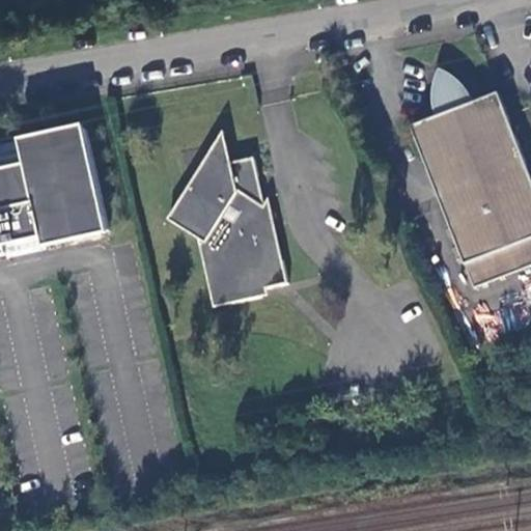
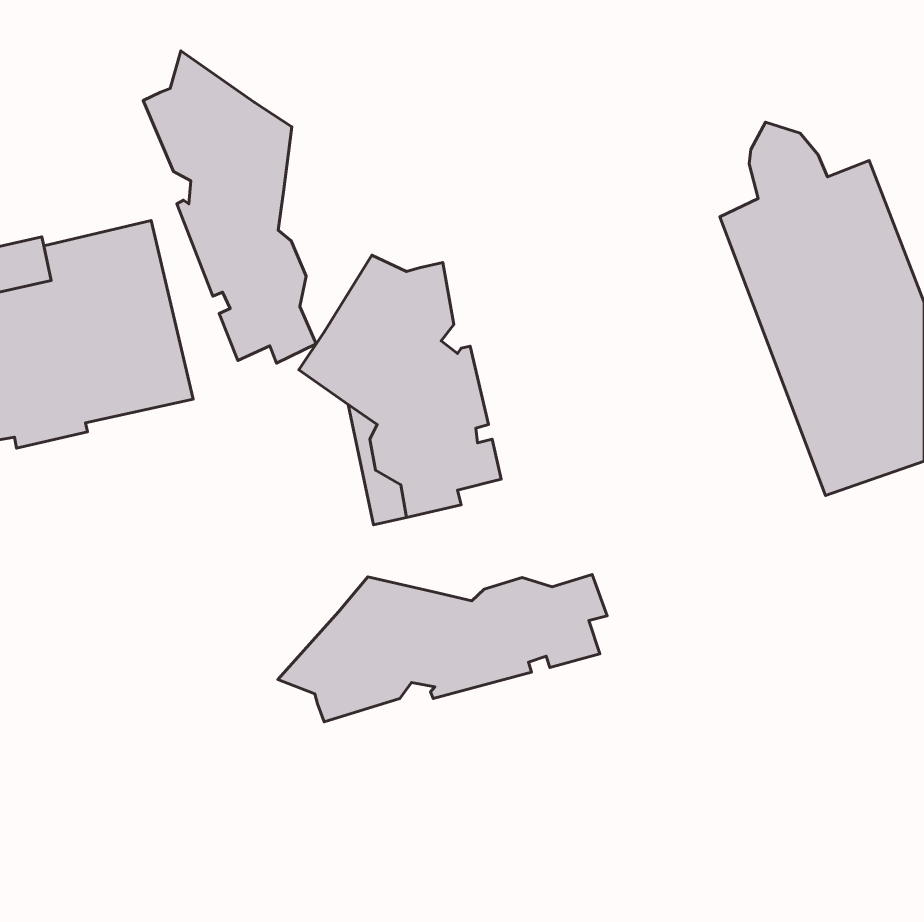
building: none -> [143,51,316,363]
building: none -> [278,574,607,722]

